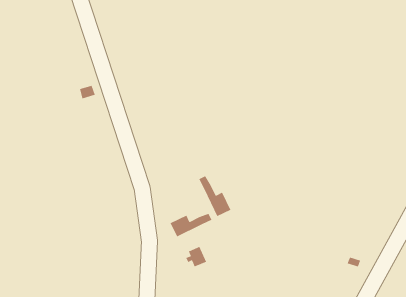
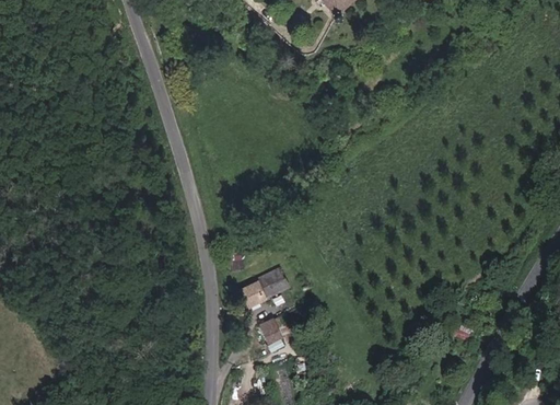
building: [198,175,232,217] -> none

